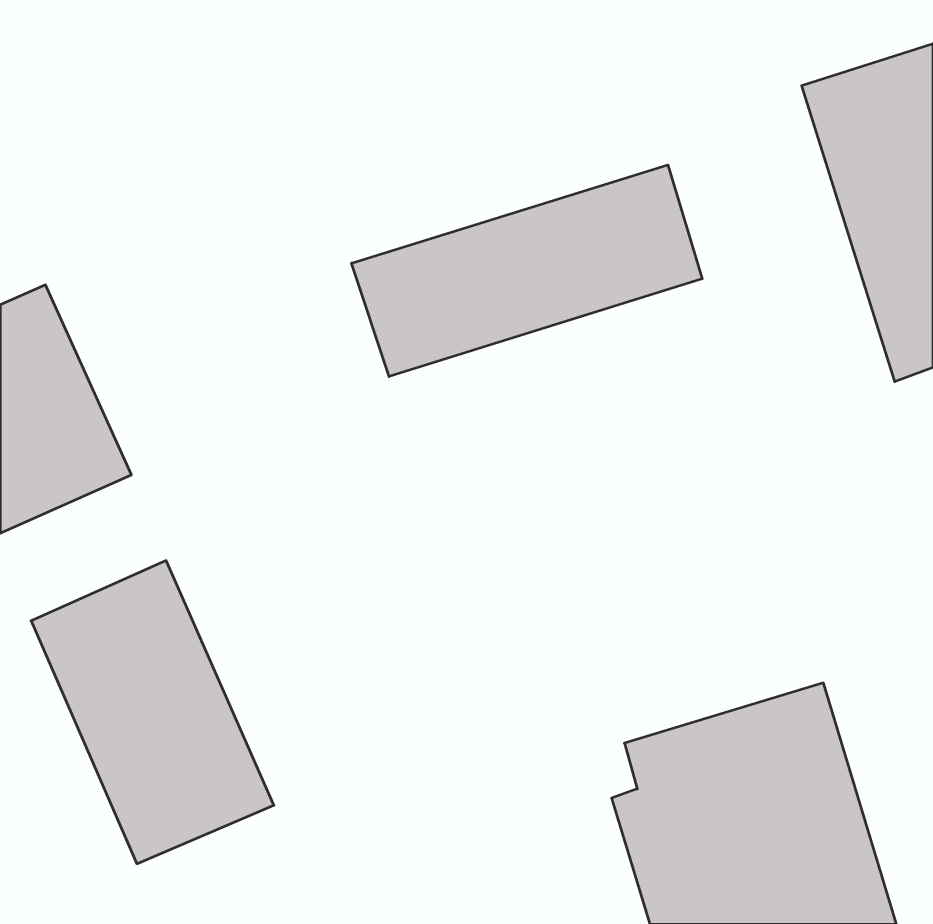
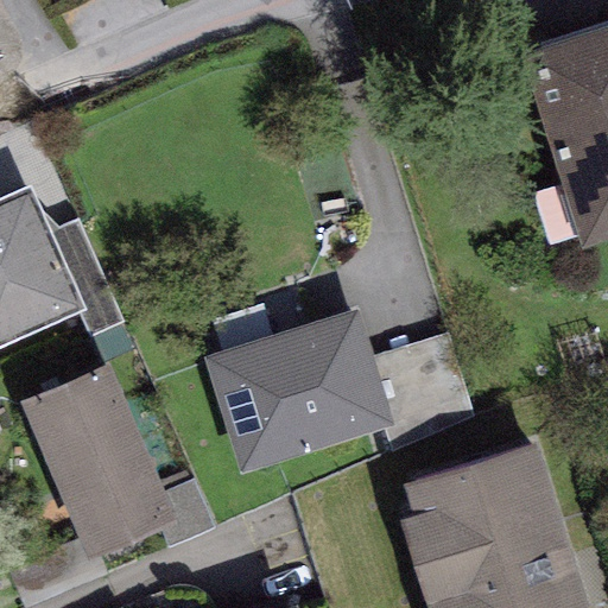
building: [352,165,702,377] -> none
building: none -> [204,311,393,473]

